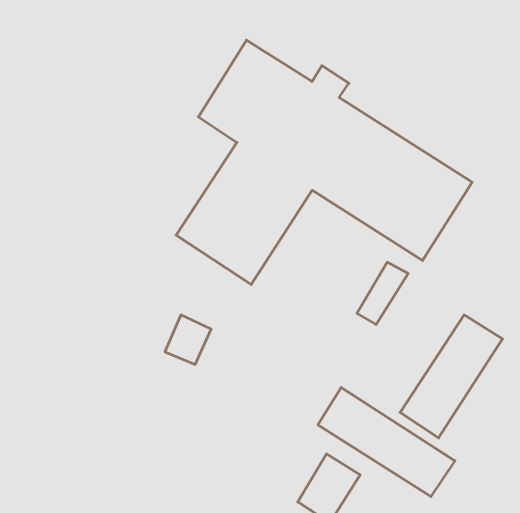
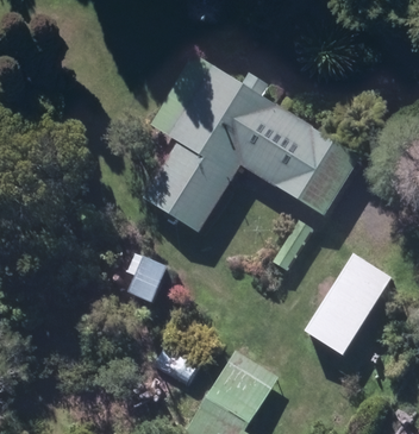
building: [318,387,455,497] -> none

